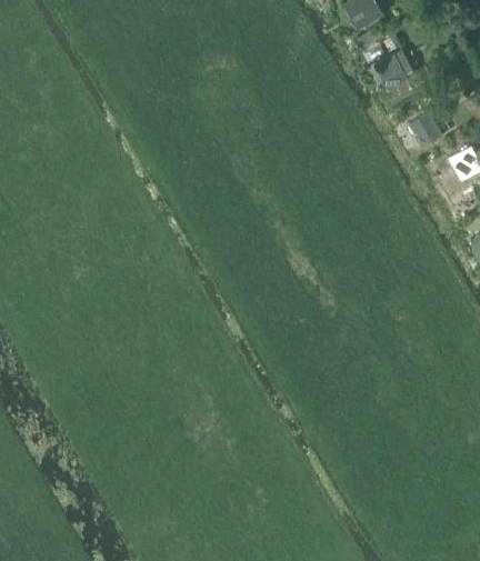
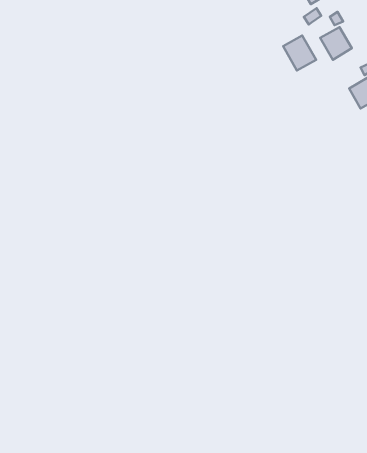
building: none -> [283,36,316,71]

